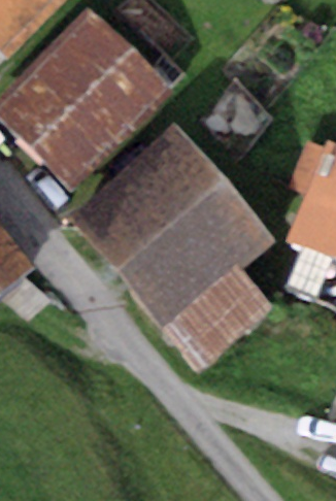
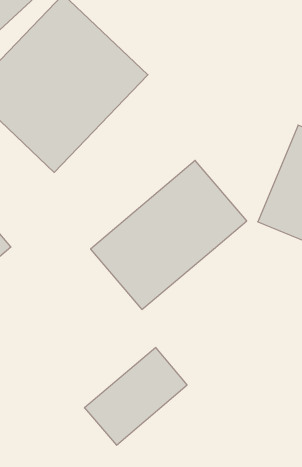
building: [69,123,222,266] -> none
building: [167,266,272,366] -> [84,348,187,445]

